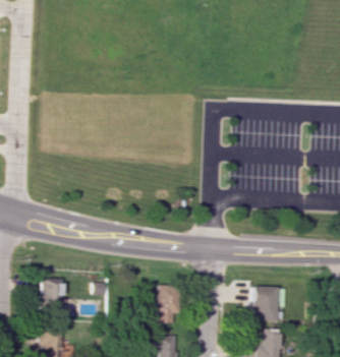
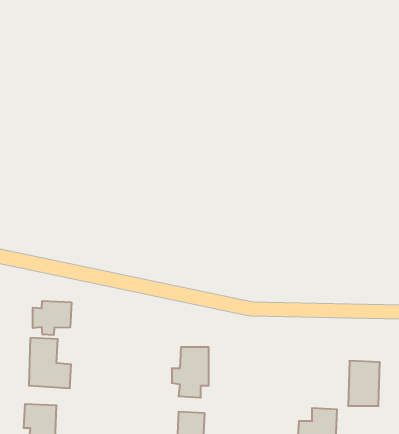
building: none -> [33,301,71,335]
building: [253,286,278,320] -> [348,361,380,406]

